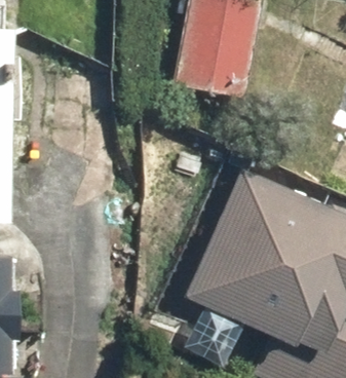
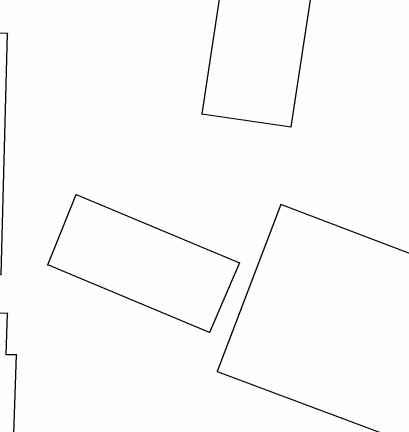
building: none -> [48,195,239,332]

